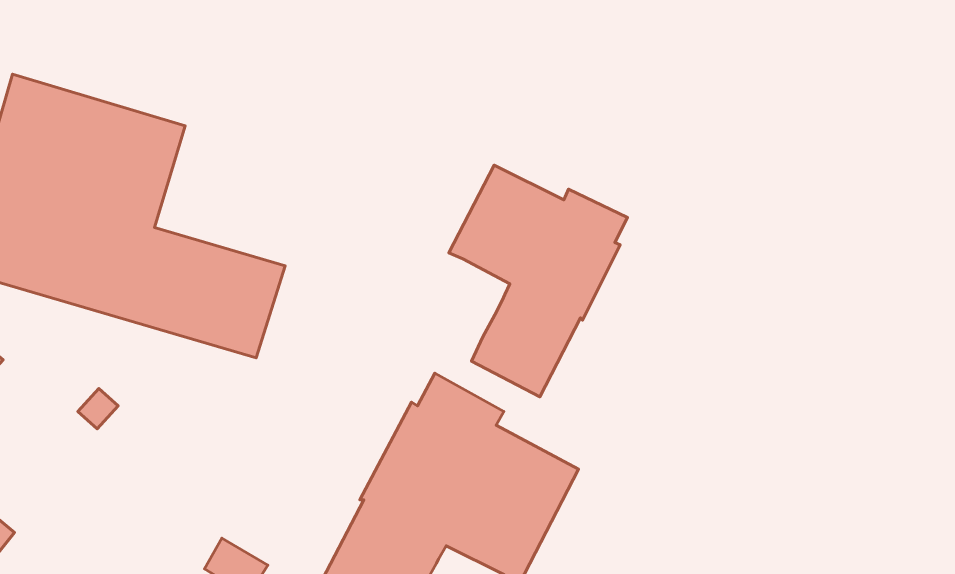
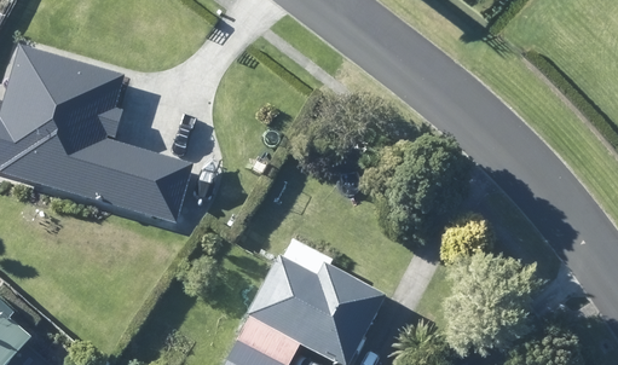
building: [449,165,628,397] -> none

